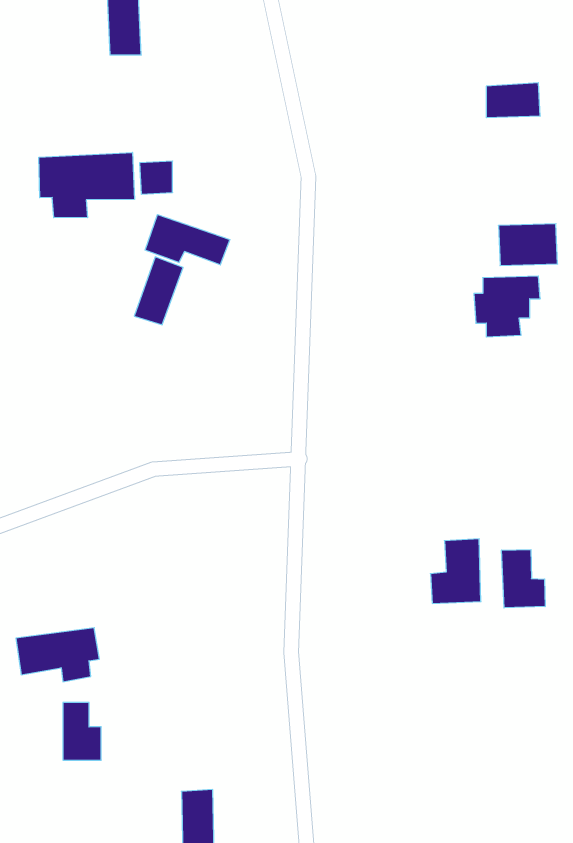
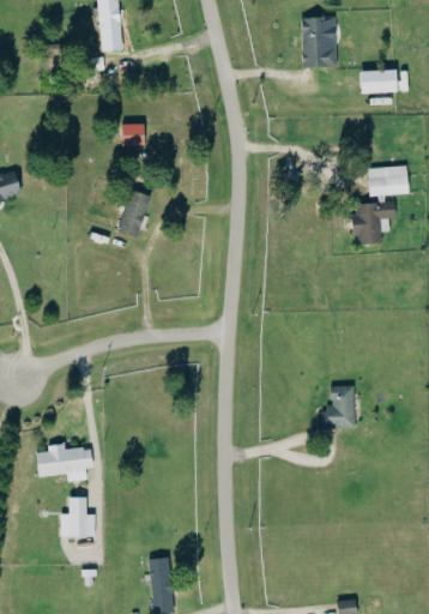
building: none -> [301,18,337,67]
building: [39,152,134,218] -> none
building: [145,215,230,265] -> none
building: [502,550,545,608] -> none

